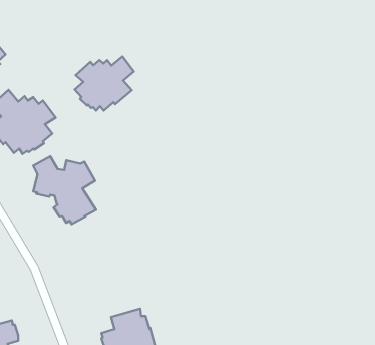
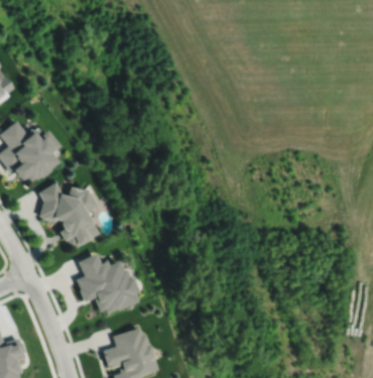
building: [75,57,134,110] -> none
building: none -> [77,254,139,313]

